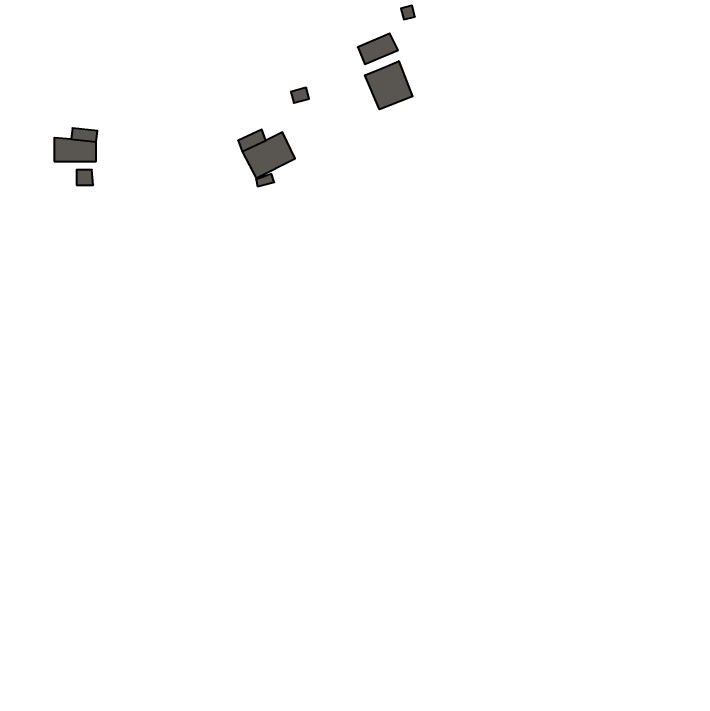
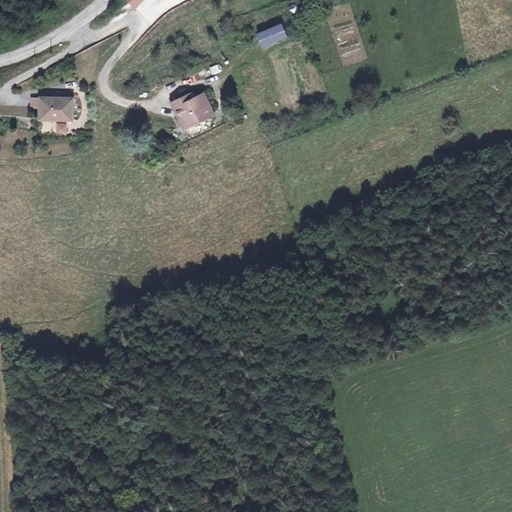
building: [365,61,413,109] -> none

